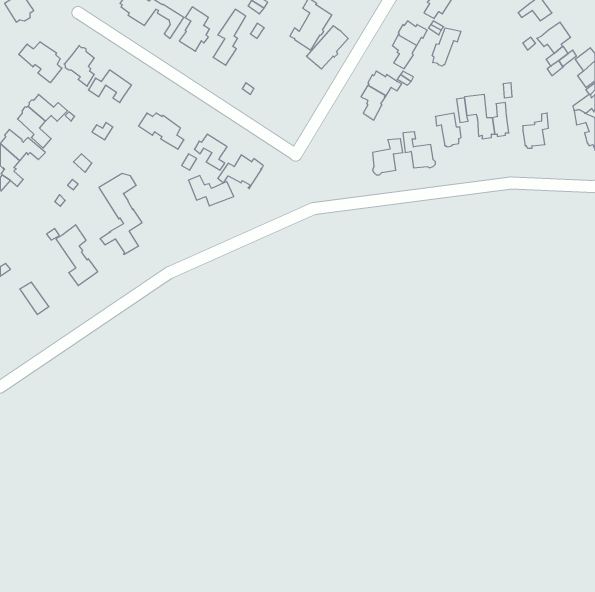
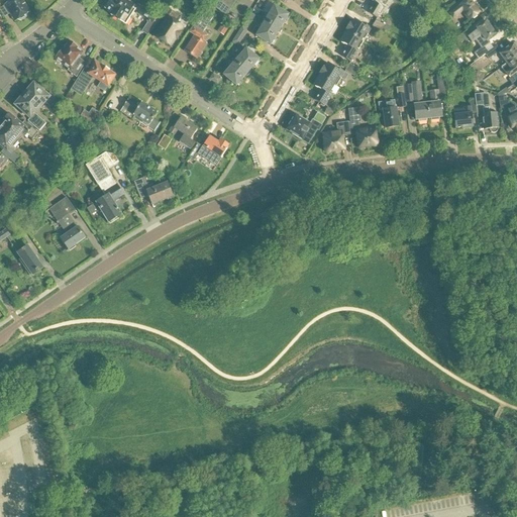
building: [306,26,348,69] -> [222,46,258,84]
building: [432,28,461,66] -> none
building: [19,42,62,83] -> none
building: none -> [475,93,497,131]
building: none -> [287,110,325,141]
building: [188,176,234,206] -> [133,176,173,202]

